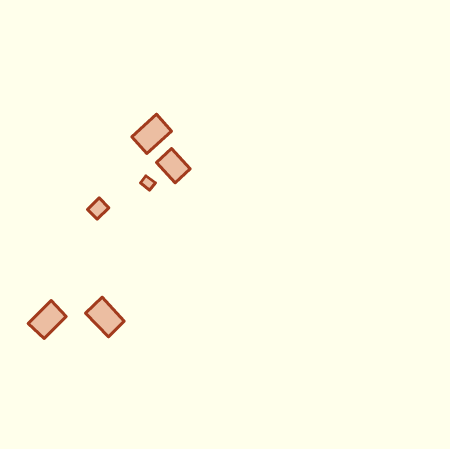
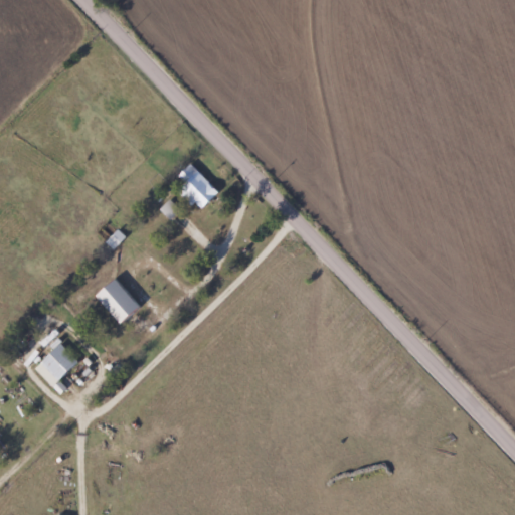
building: [132,114,171,154] -> none
building: [85,297,124,337] -> [95,278,139,323]

